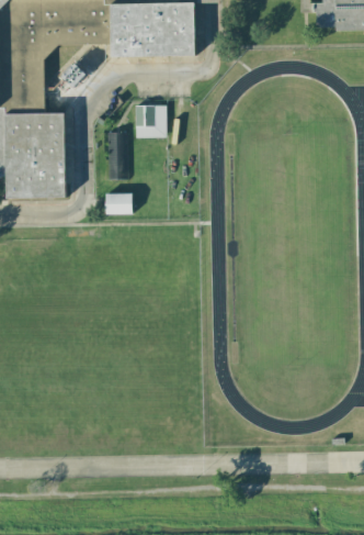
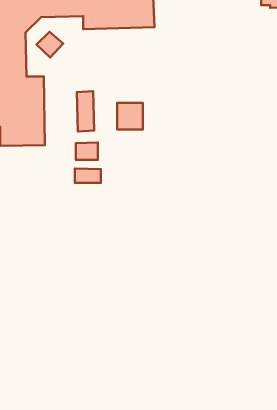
building: [133,103,163,135] -> [117,103,143,129]
building: none -> [75,169,101,183]

